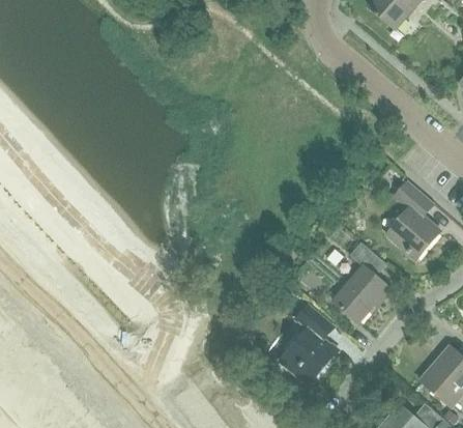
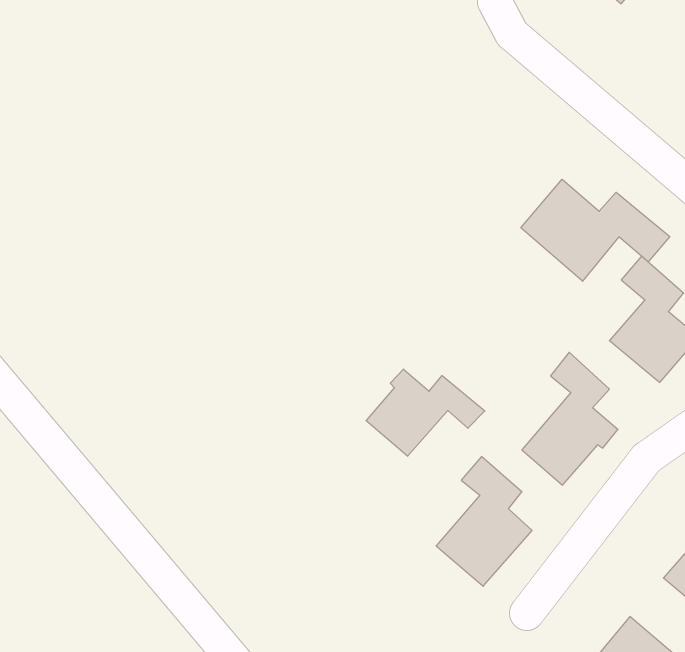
building: none -> [521,179,670,281]
building: none -> [366,369,485,456]

